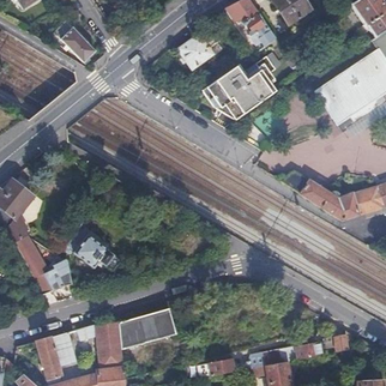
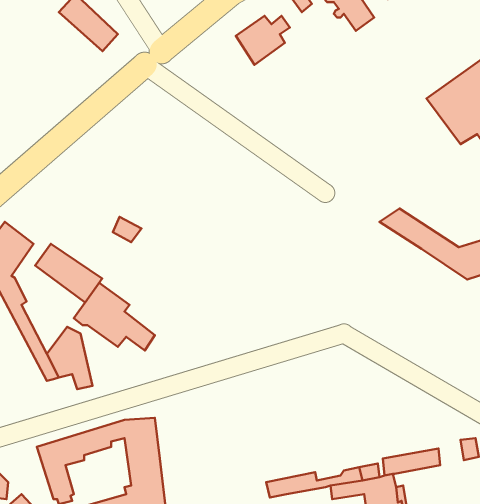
building: [203,54,277,119] -> none
building: none -> [35,244,102,303]
building: [120,308,169,349] -> none

